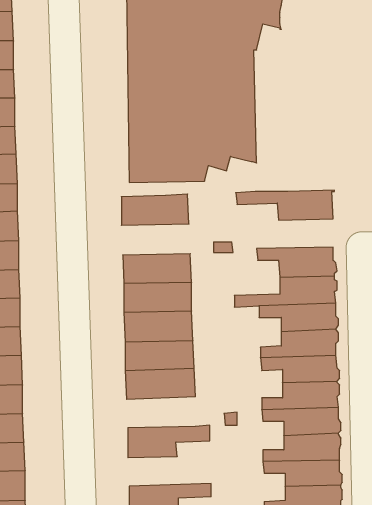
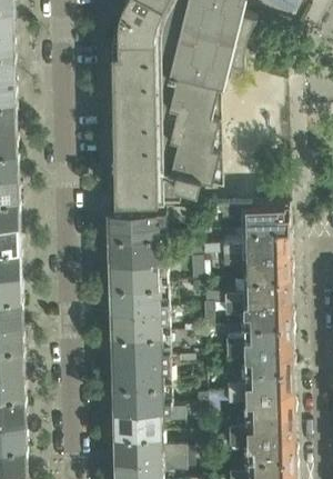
building: none -> [223,229,291,255]
building: none -> [108,233,167,260]
building: none -> [112,381,171,408]
building: none -> [113,432,184,458]

